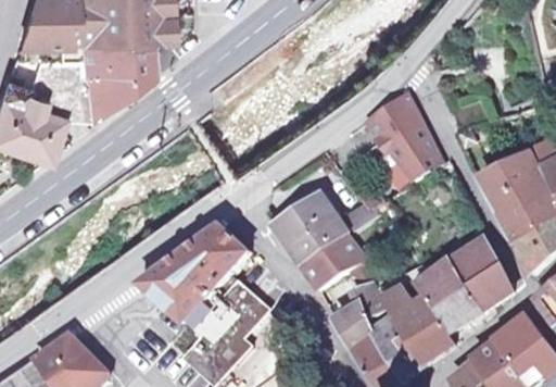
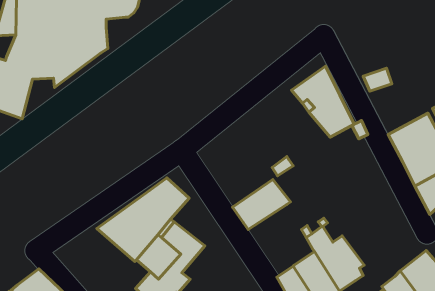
building: [271,195,344,261] -> none
building: [418,235,509,329] -> none
building: [332,278,384,344] -> none

